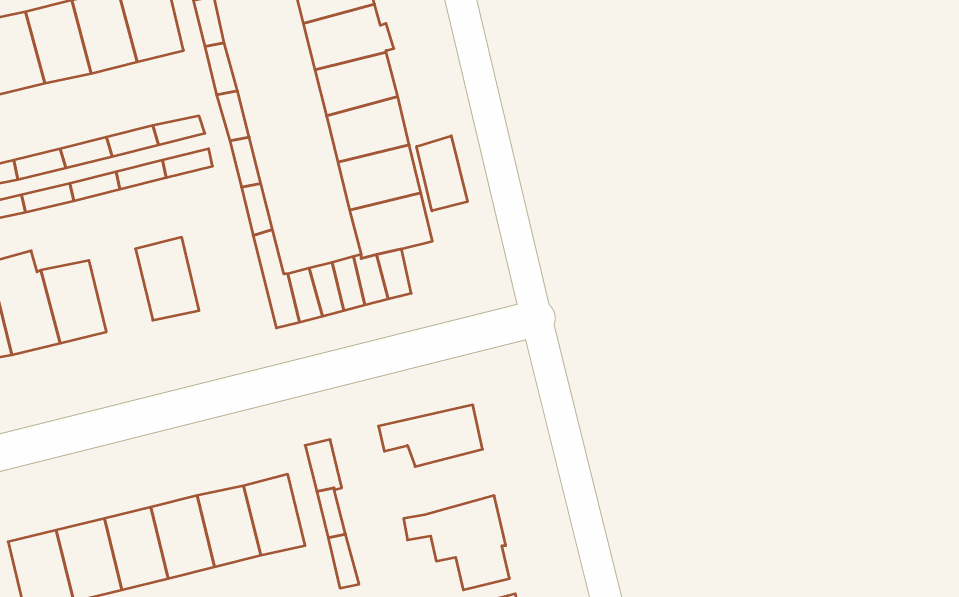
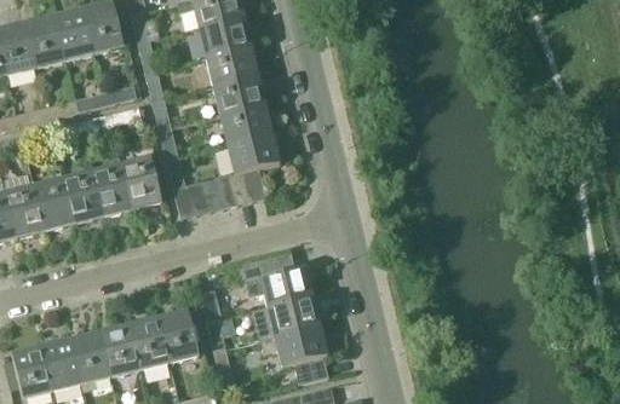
building: [417,136,467,211] -> none
building: none -> [121,155,162,208]
building: none -> [63,169,103,221]
building: none -> [251,295,317,340]

